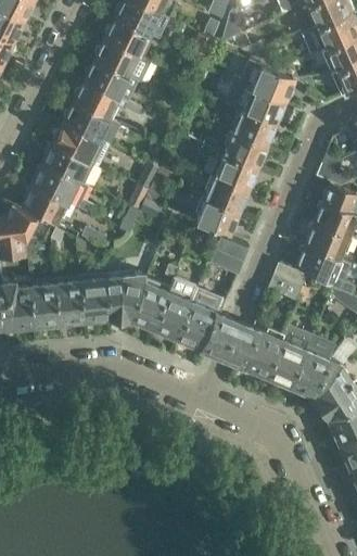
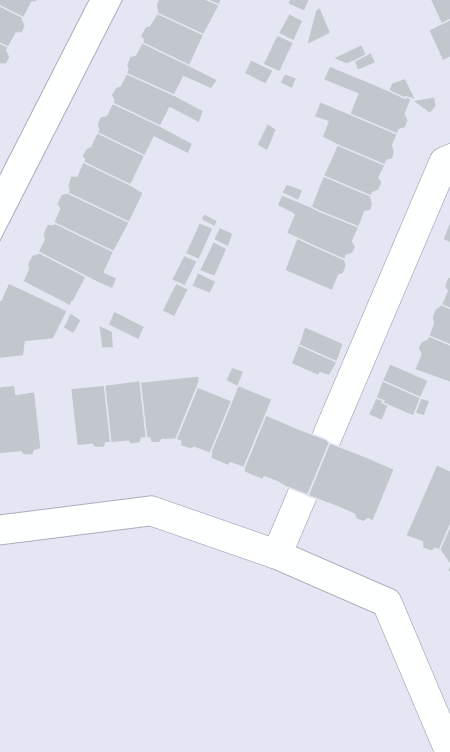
building: [195,200,240,237] -> none
building: [30,282,60,327] -> none
building: [267,326,311,387] -> none

